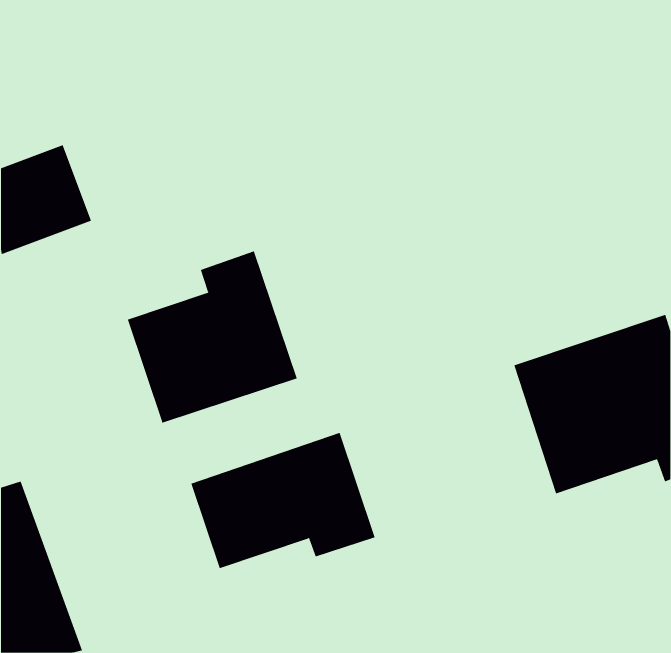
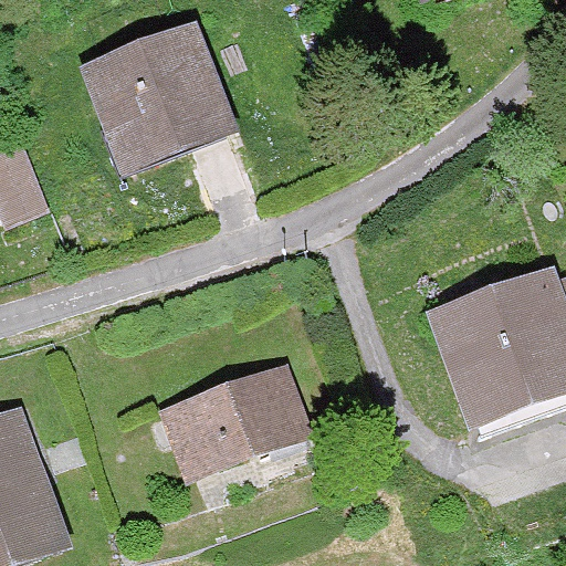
building: none -> [85,23,235,172]
building: [127,250,298,424] -> none

